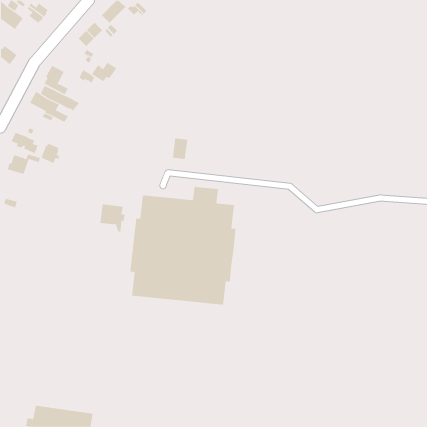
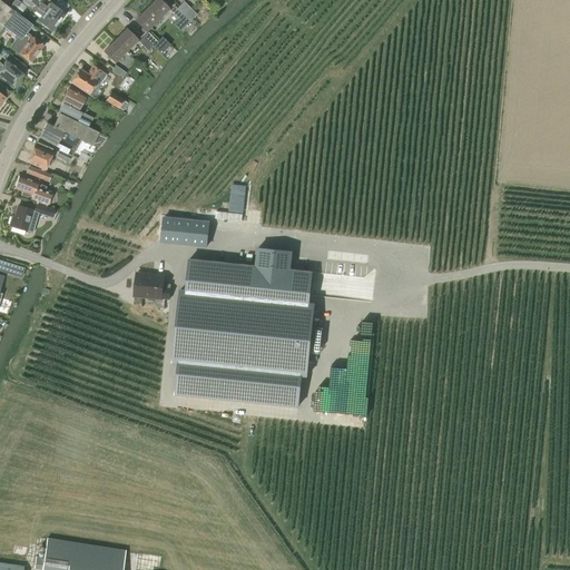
building: none -> [10,33,42,62]
building: [91,62,117,83] -> [71,66,106,94]
building: [41,143,60,164] -> [28,142,53,170]
building: none -> [161,216,210,246]

